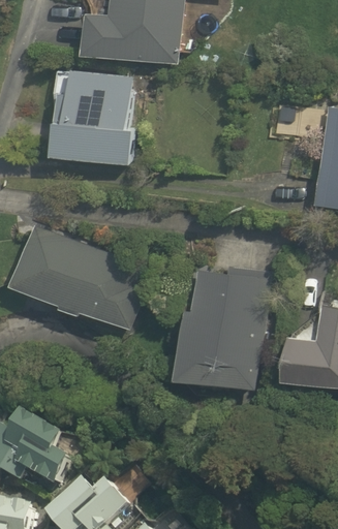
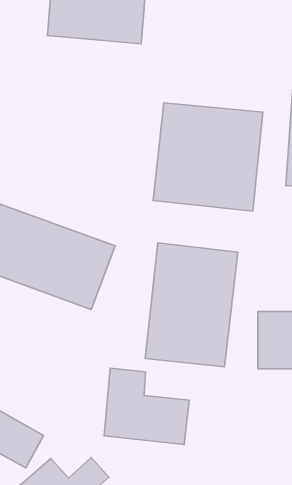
building: [50,67,137,163] -> none
building: none -> [153,103,263,211]
building: none -> [104,368,189,445]

